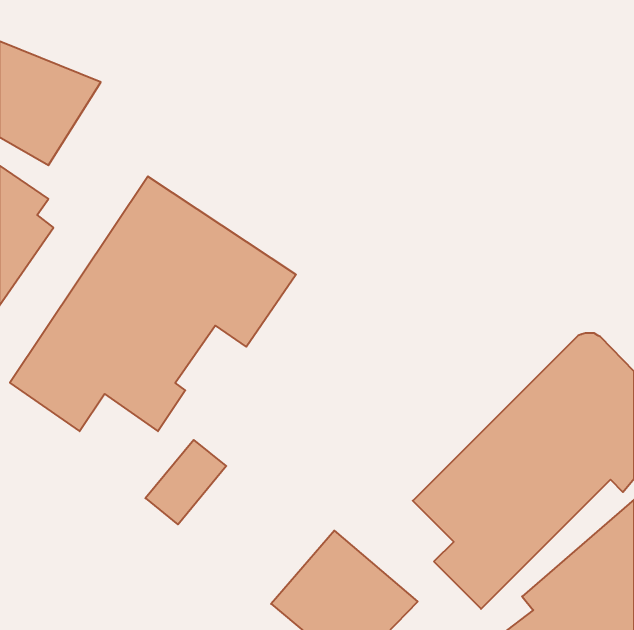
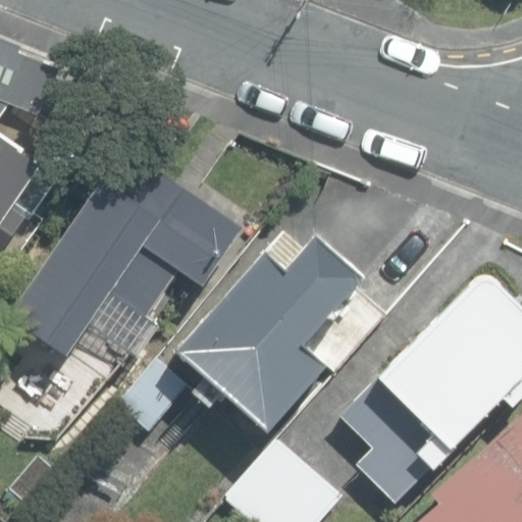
building: none -> [176,236,385,432]

